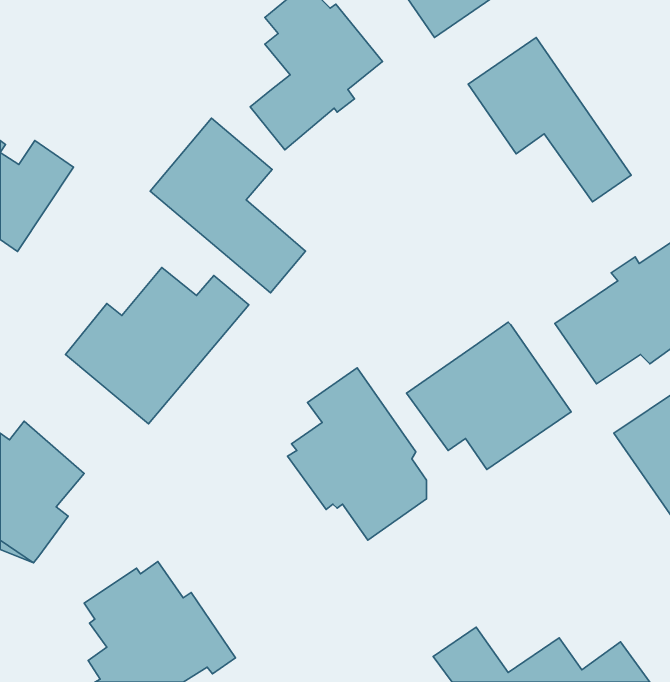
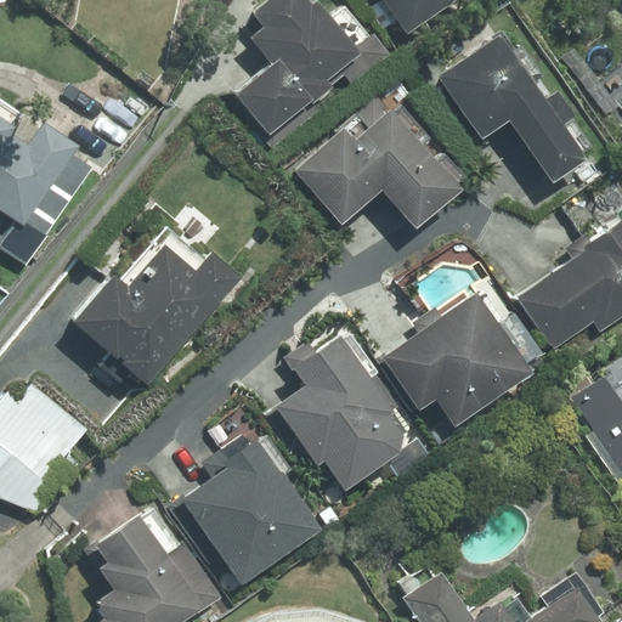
building: none -> [294,96,462,230]
building: [150,118,306,293] -> none
building: none -> [181,437,321,583]

